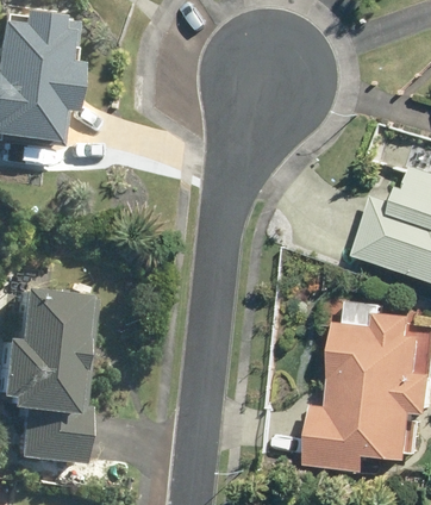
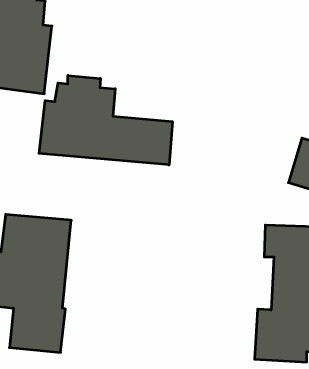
building: none -> [39,75,172,165]

